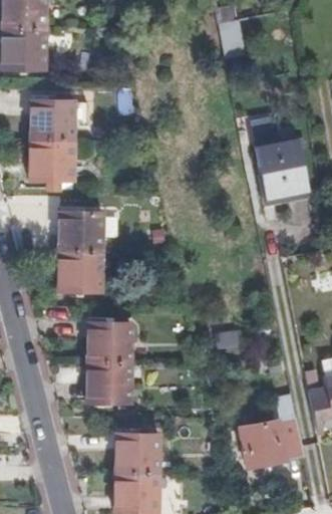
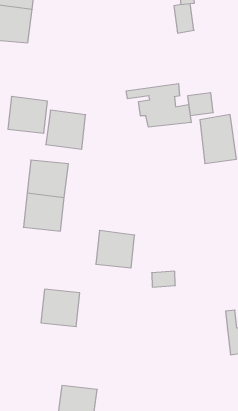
building: [30,95,74,139] -> [46,110,86,149]
building: none -> [126,84,191,127]
building: [88,321,131,362] -> [96,231,135,268]
building: [240,394,304,467] -> none
building: [118,434,161,475] -> none

